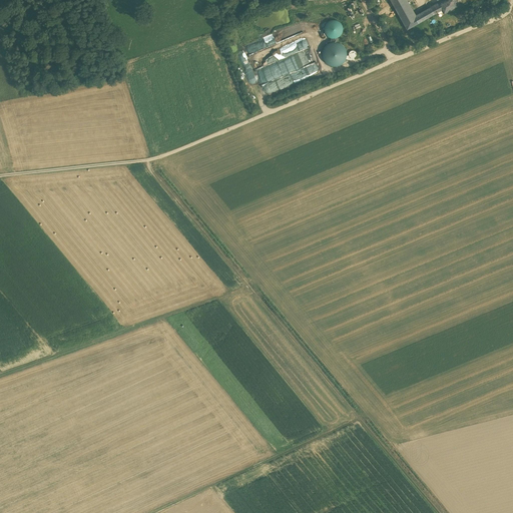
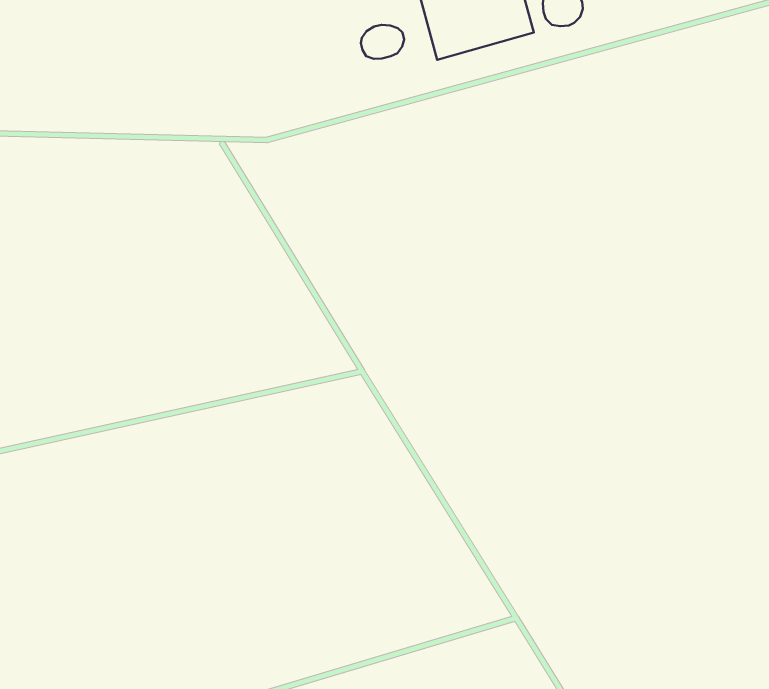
building: none -> [361,25,404,59]

